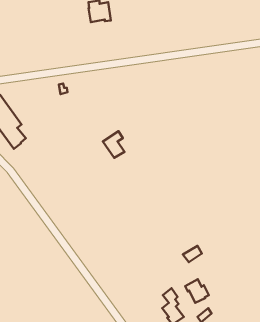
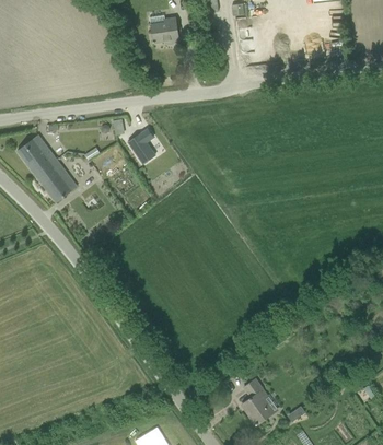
building: [103,131,124,158] -> [128,129,155,163]
building: [185,279,209,303] -> none

